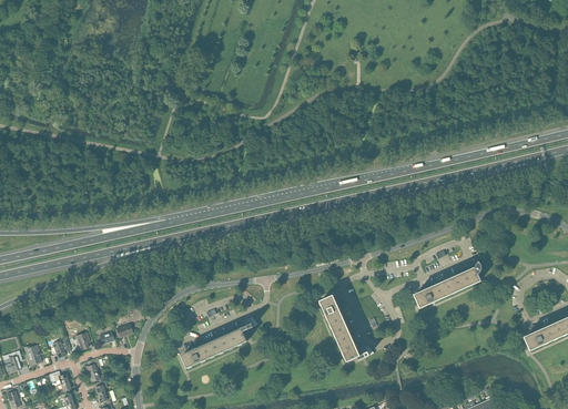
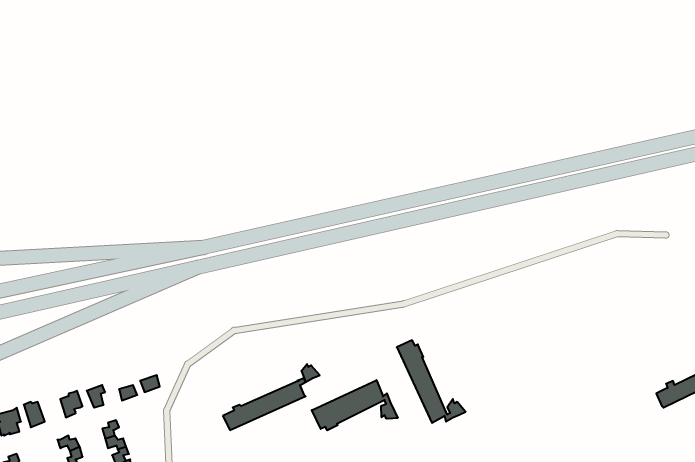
building: [414,262,480,307] -> none
building: none -> [312,380,398,430]

